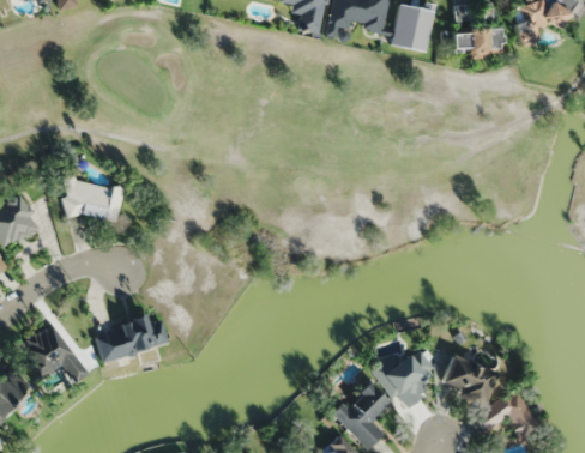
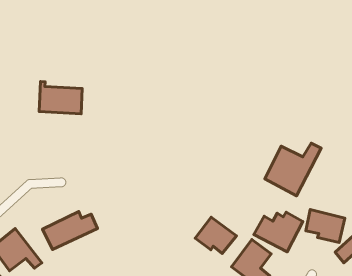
building: [62,173,123,223] -> [39,82,82,114]
building: none -> [265,143,321,196]
building: none -> [195,217,236,254]

